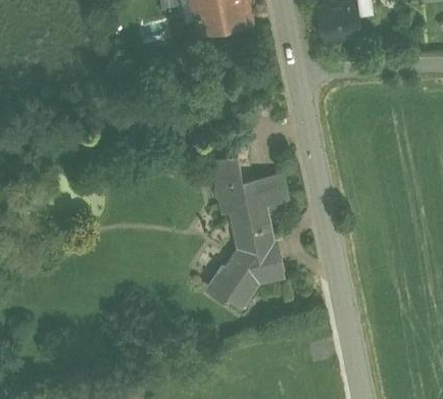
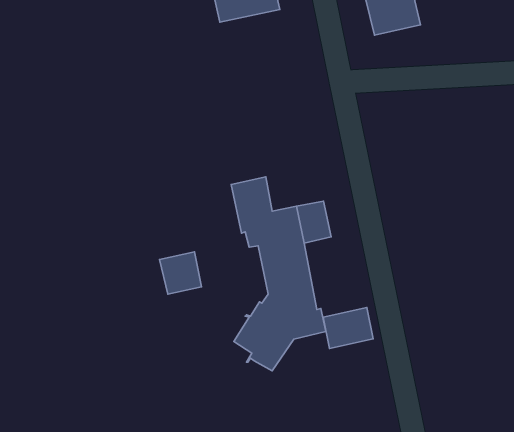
building: none -> [160,252,202,294]
building: none -> [323,308,373,349]

